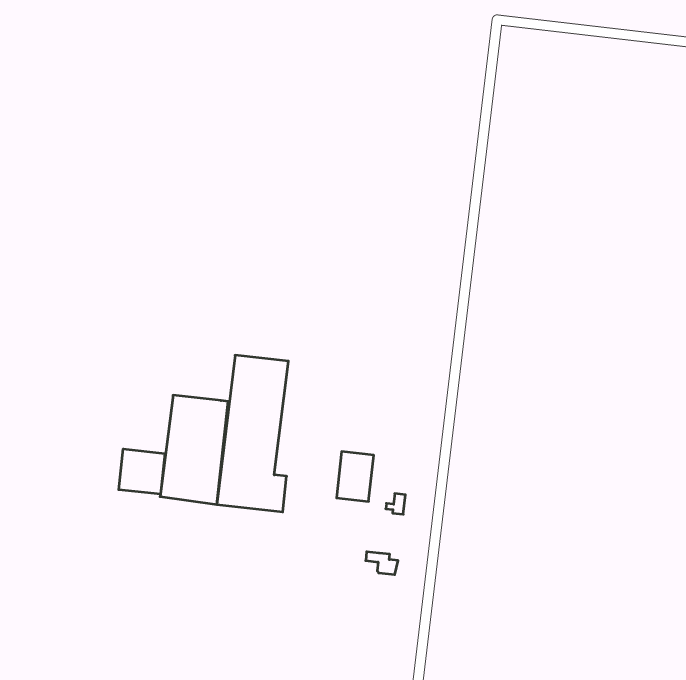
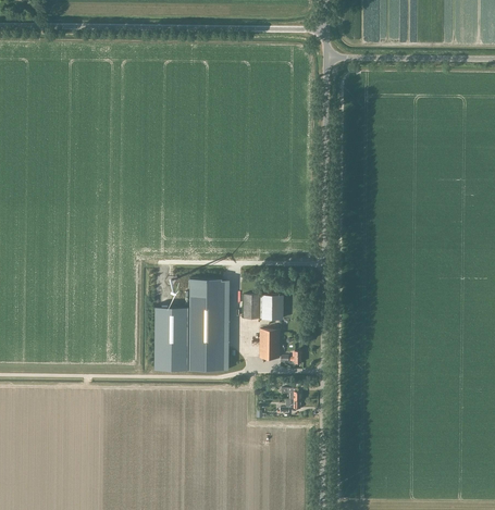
building: none -> [244,296,283,320]
building: [119,449,165,494] -> none

